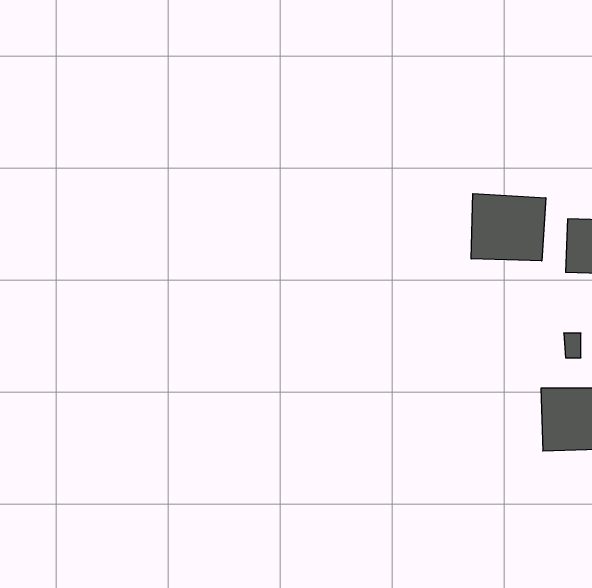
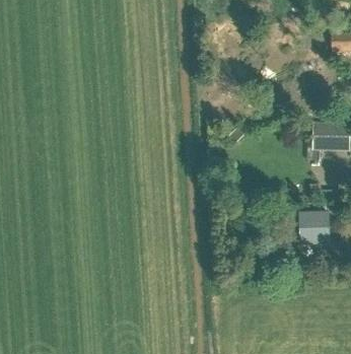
building: [471,194,546,261] -> none

